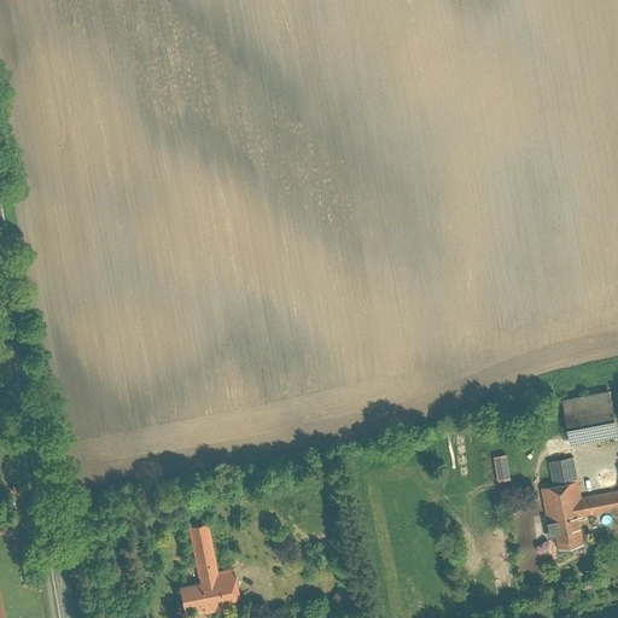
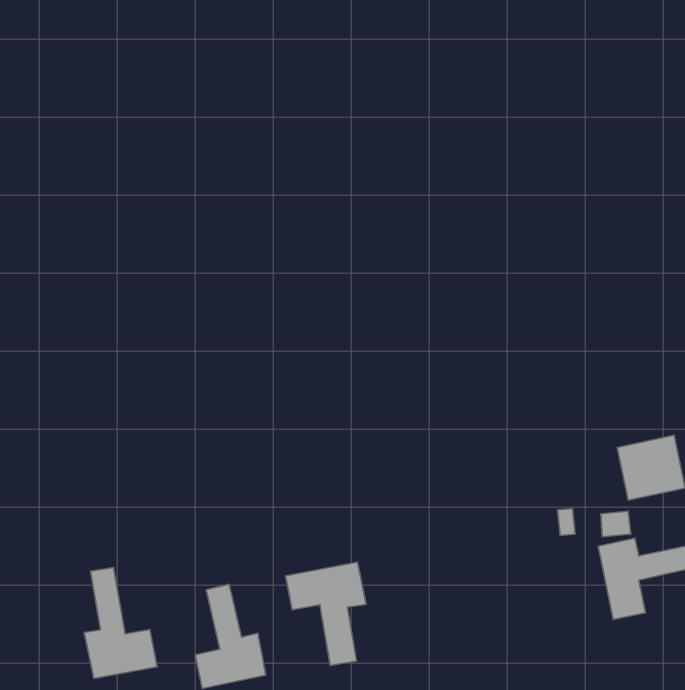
building: none -> [285,562,366,665]
building: none -> [84,567,157,679]

